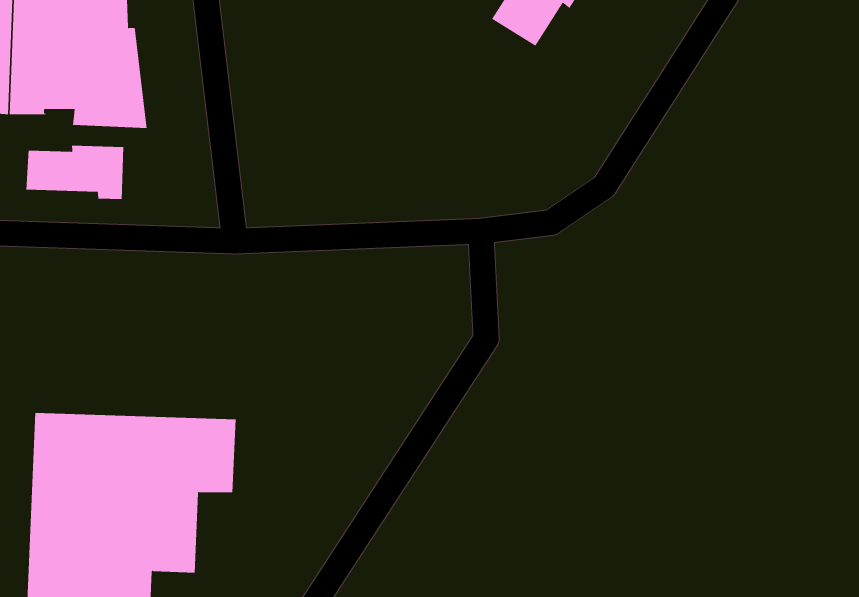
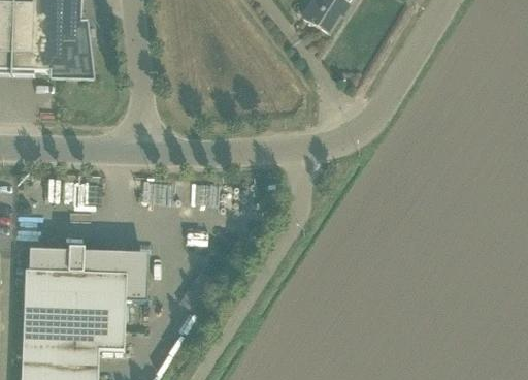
building: [26,145,124,200] -> none

